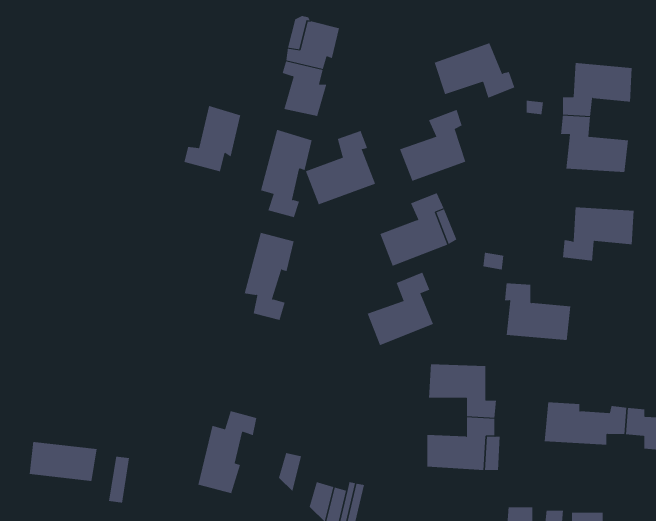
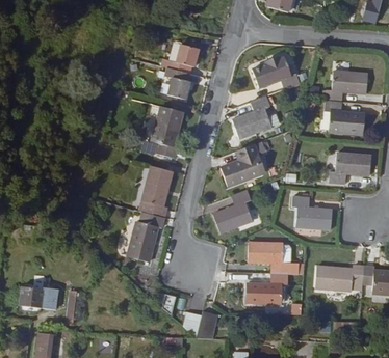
building: [184,105,241,172] -> none
building: [305,130,376,205] -> none
building: [198,411,257,494] -> [130,214,164,261]

